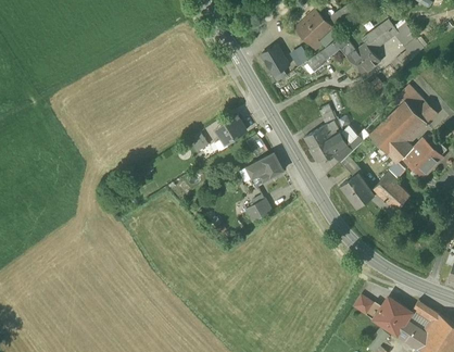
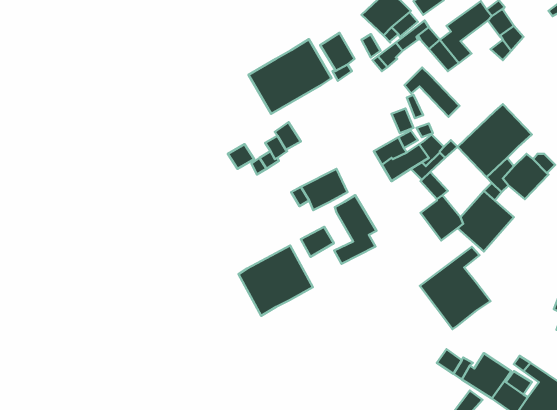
building: none -> [248,39,332,114]
building: [393,86,437,125] -> [404,67,459,117]
building: none -> [334,195,377,264]
building: none -> [239,246,313,316]
building: none -> [420,247,491,329]

